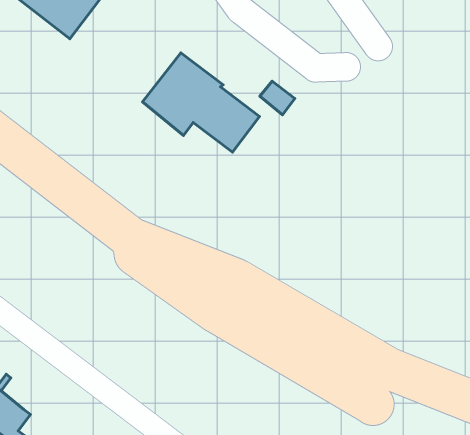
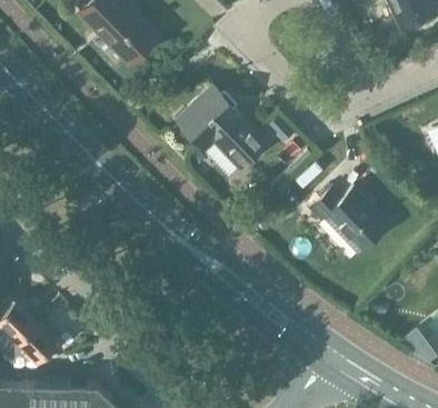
building: none -> [309,187,386,259]

